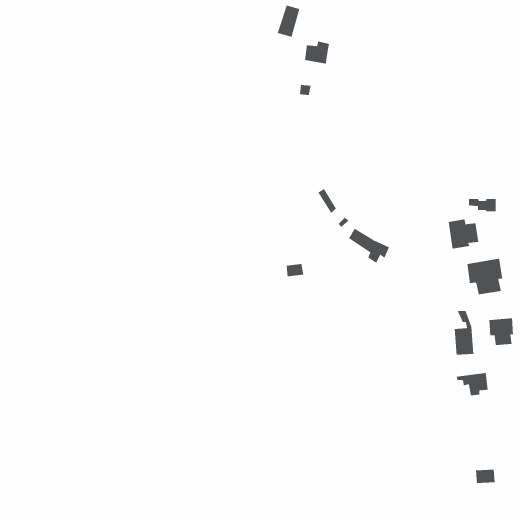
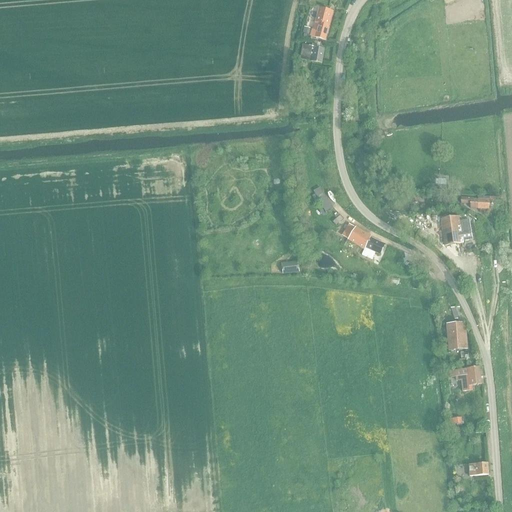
building: [277,5,300,37] -> [309,6,332,38]
building: [467,258,503,295] -> none
building: [489,317,514,346] -> none

